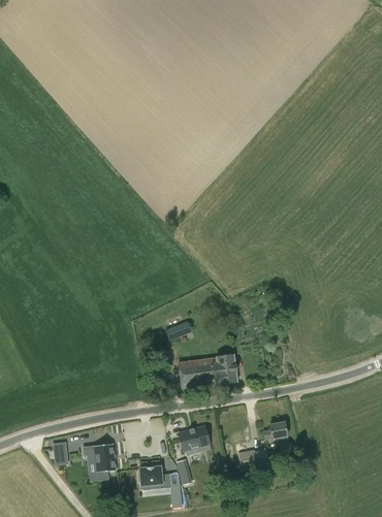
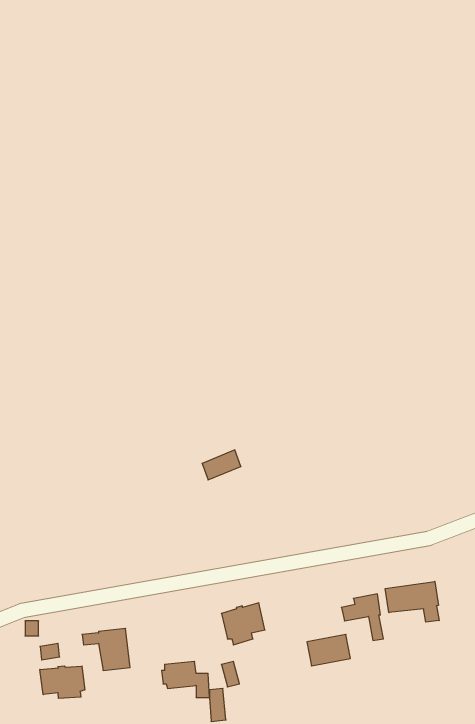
building: [179,354,237,388] -> none
building: none -> [385,581,439,622]
building: none -> [40,666,85,698]

